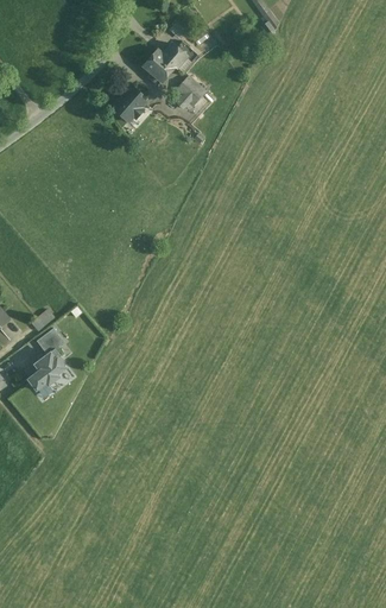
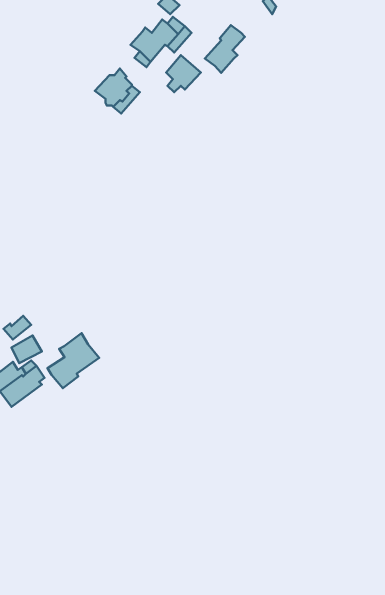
building: none -> [205,25,245,73]
building: none -> [48,333,99,388]

